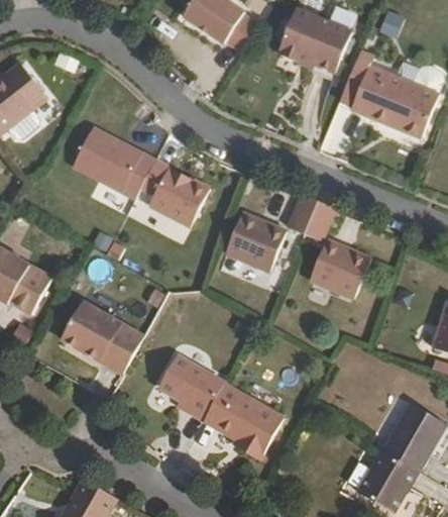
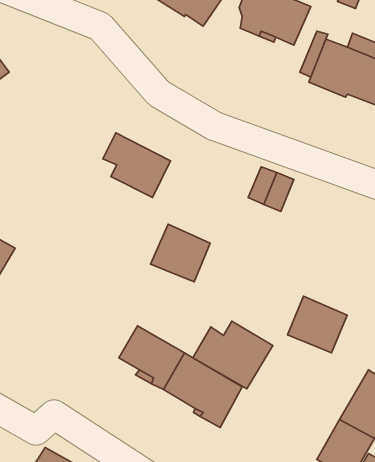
building: [73,128,154,198] -> none
building: [225,213,286,272] -> [150,224,210,282]
building: [311,241,371,299] -> [288,296,347,353]
building: [62,303,143,375] -> none
building: none -> [193,321,273,389]

